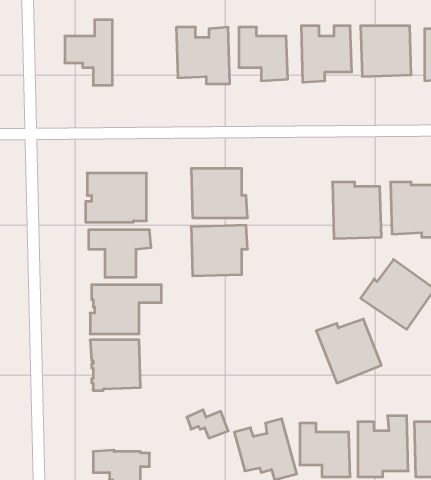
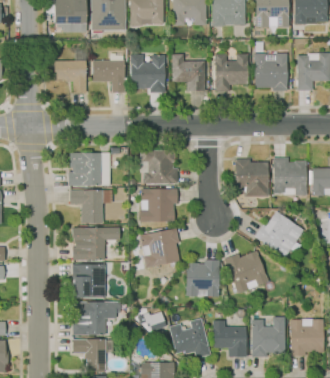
building: none -> [92,60,125,92]
building: none -> [141,229,179,267]
building: none -> [186,260,220,297]
building: none -> [73,302,121,336]

